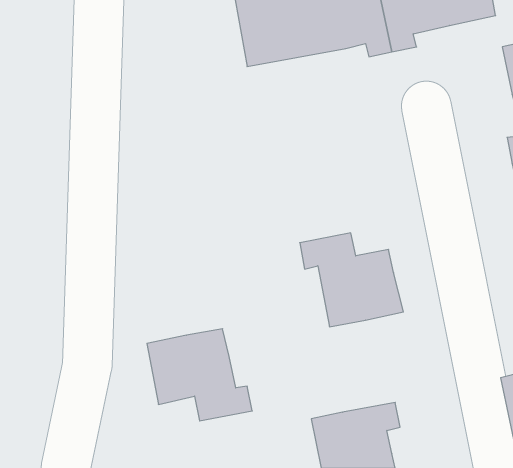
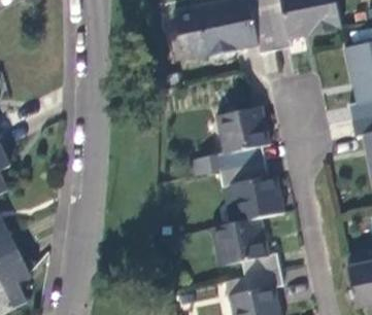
building: none -> [185,108,270,176]
building: [147,329,252,421] -> [212,218,278,276]

